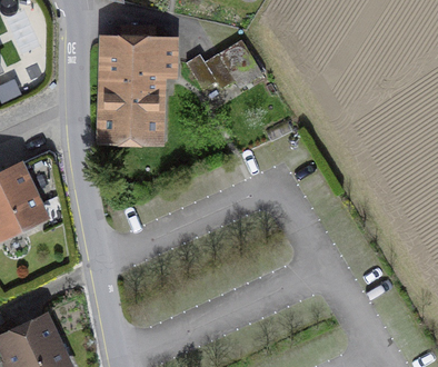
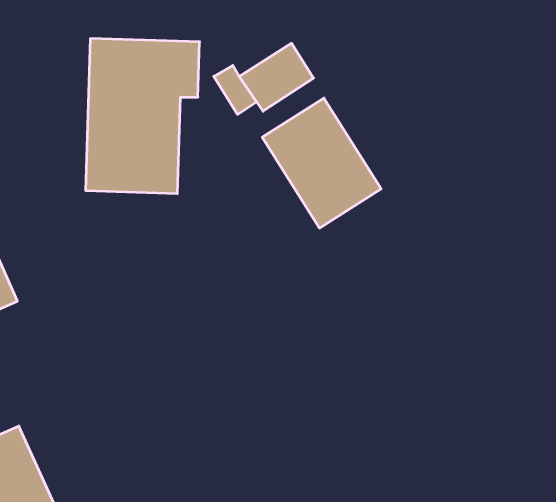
building: none -> [262,98,381,228]

